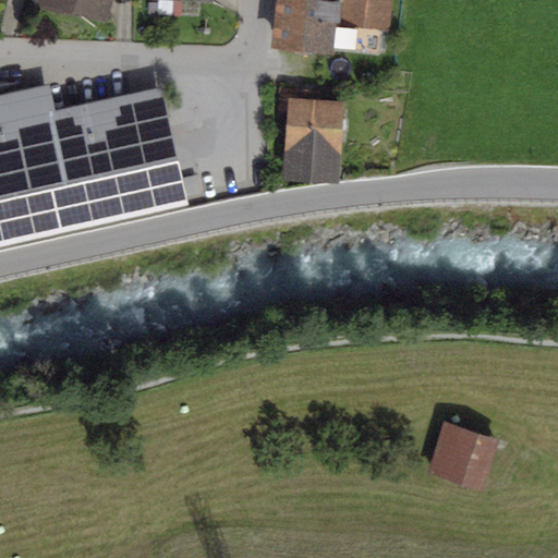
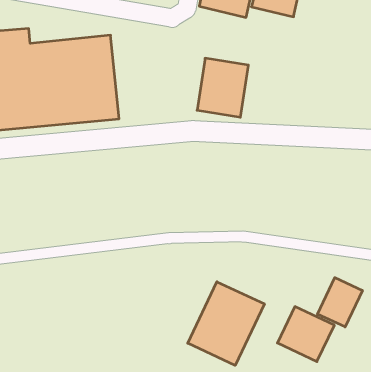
building: none -> [317,278,362,327]
building: none -> [188,282,264,365]

